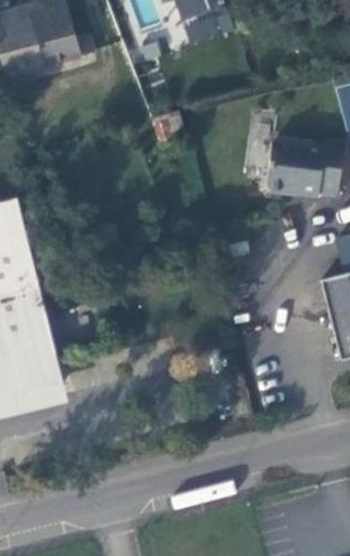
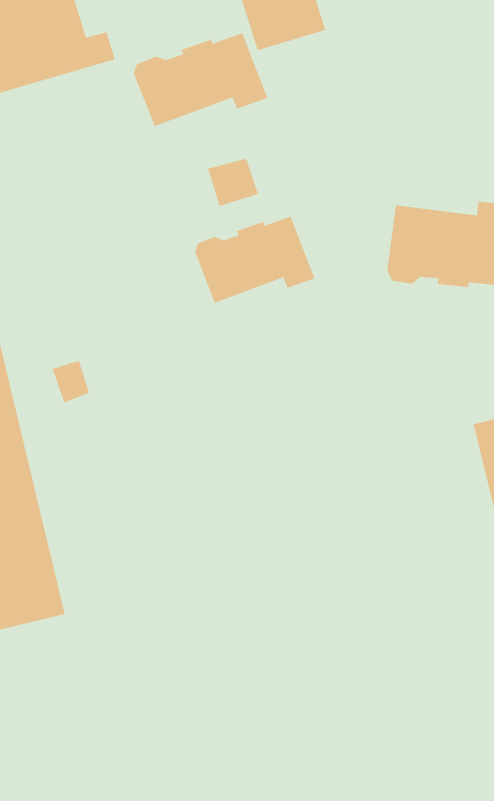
building: none -> [133,33,268,127]
building: none -> [195,216,315,303]

